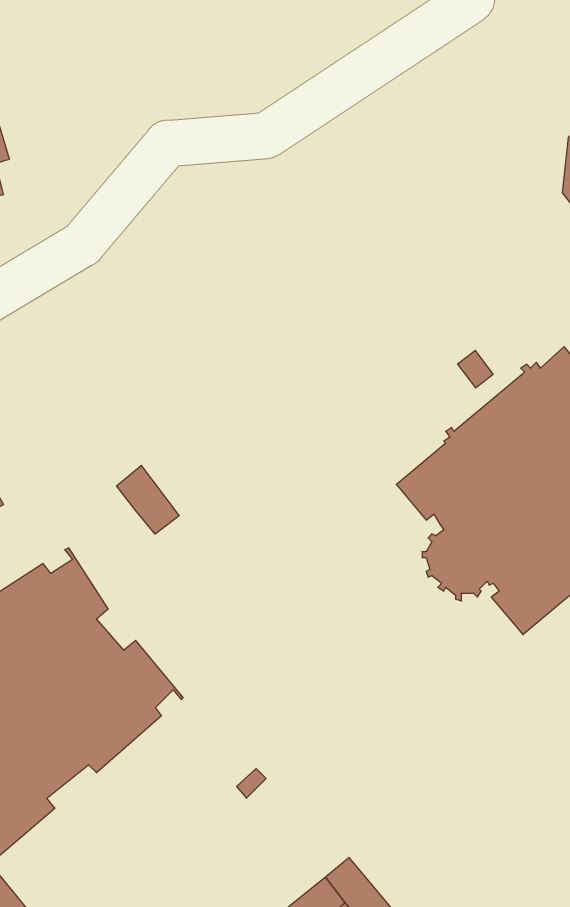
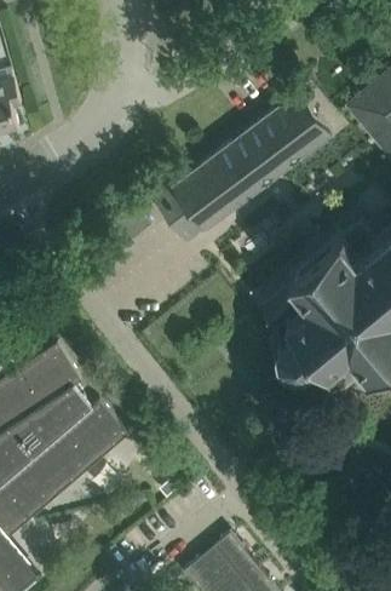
building: none -> [153,90,332,243]
building: [117,465,179,534] -> none

